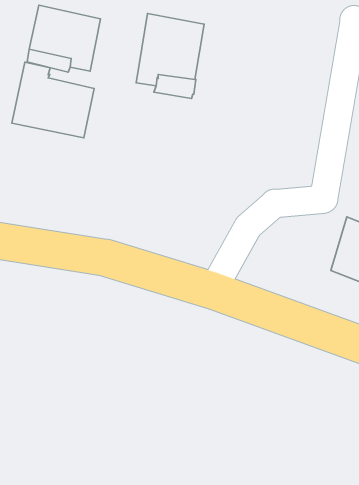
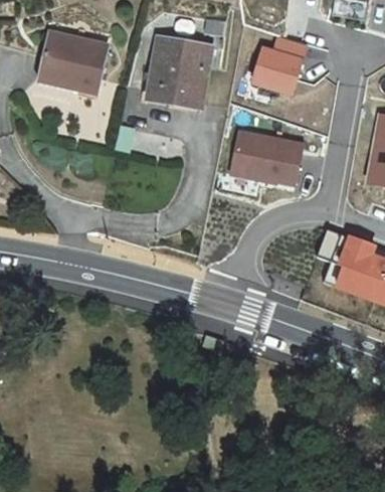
building: none -> [251,36,308,96]
building: [12,62,94,138] -> none
building: none -> [229,130,304,189]

